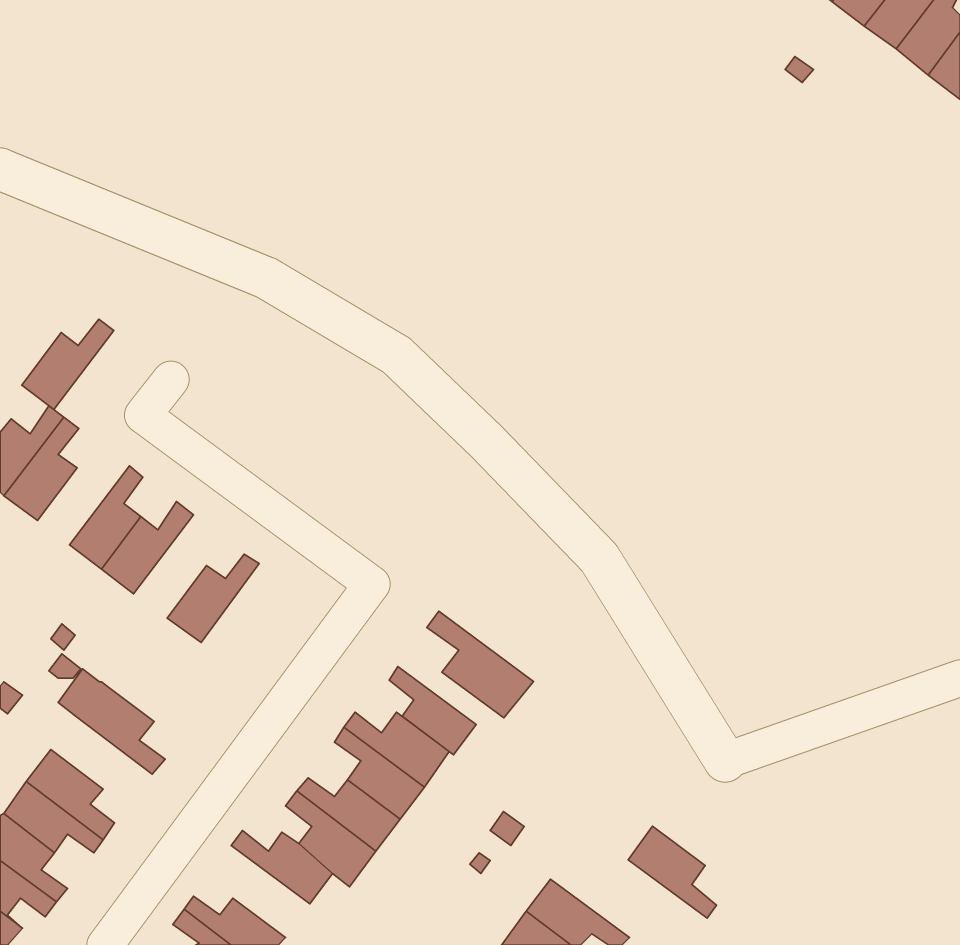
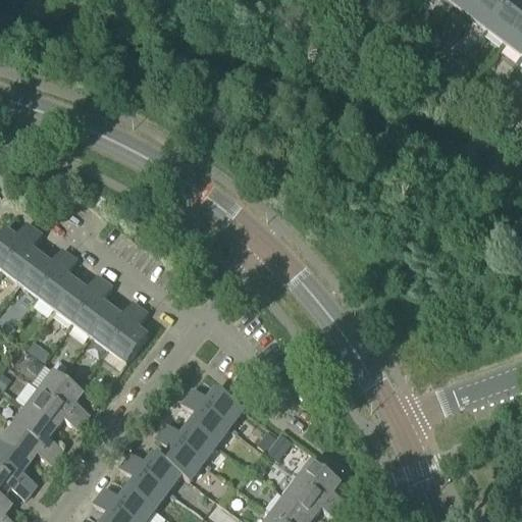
building: [22,319,114,409] -> [20,247,70,296]
building: none -> [72,279,113,335]
building: none -> [109,306,148,362]
building: [427,611,533,718] -> none
building: [389,666,476,755] -> none
building: none -> [28,388,83,428]
building: [628,826,716,918] -> [299,459,347,509]
building: none -> [120,459,168,509]

